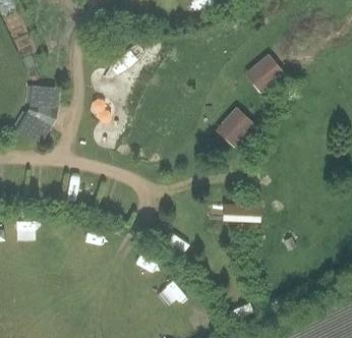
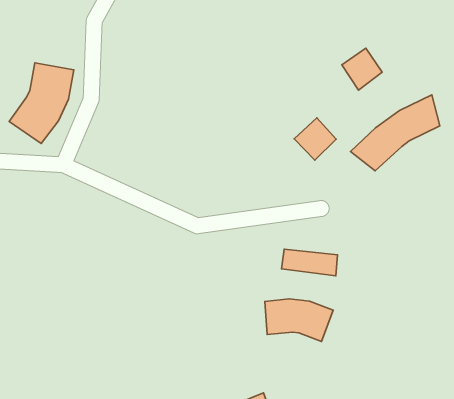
building: none -> [350,95,440,171]
building: none -> [265,299,333,341]

